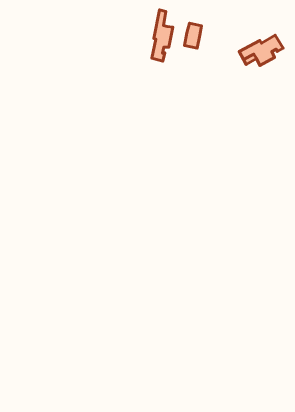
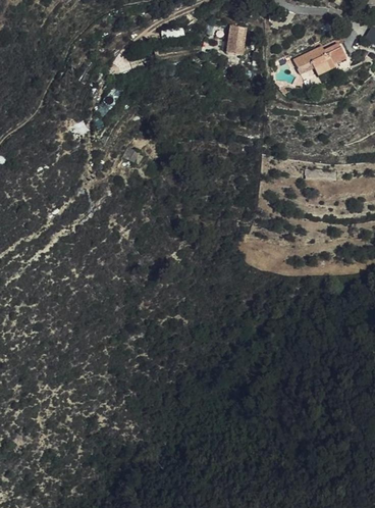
building: [152,10,173,61] -> none

